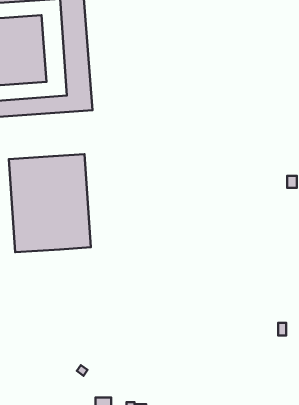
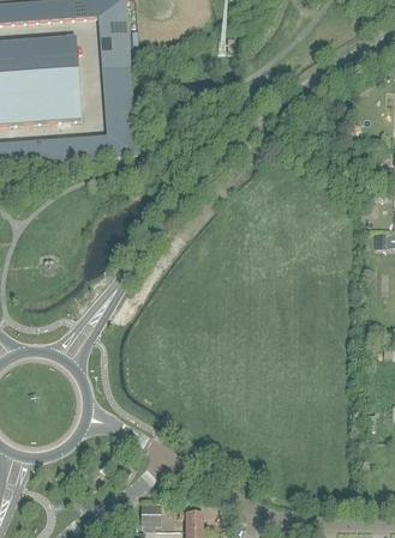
building: [9,154,91,252] -> none

